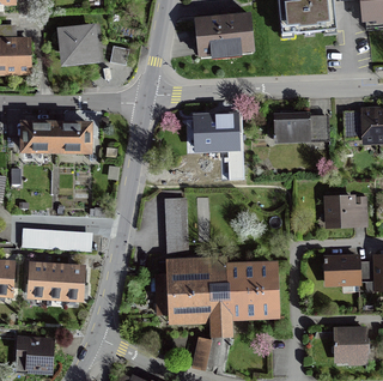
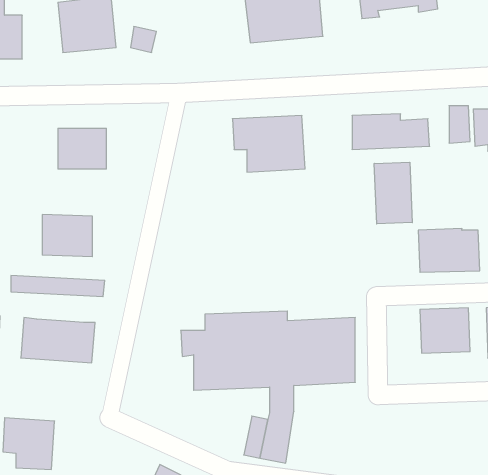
building: [19,121,56,152] -> [42,215,92,257]
building: none -> [374,162,412,224]
building: [165,199,189,255] -> none
building: [334,328,367,368] -> none

